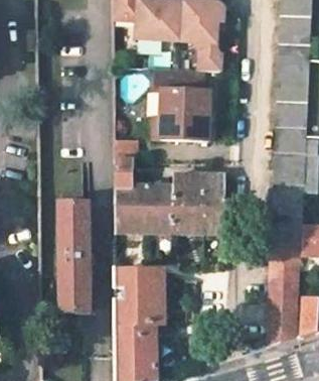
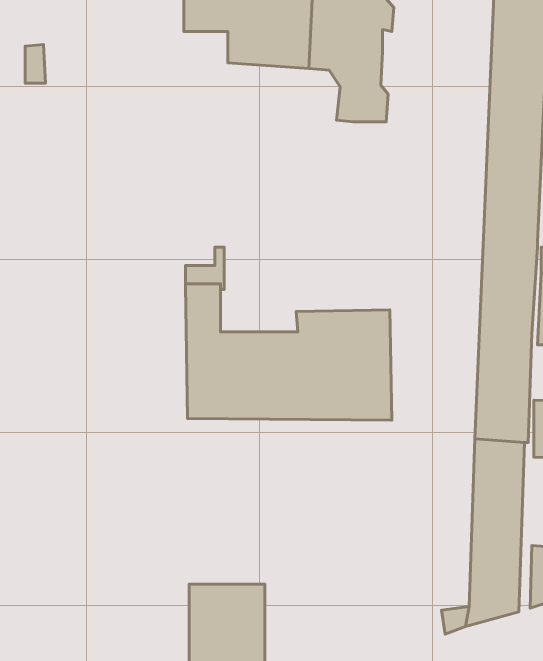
building: [155,69,212,141] -> none
building: [58,204,90,314] -> none
building: [114,270,164,324] -> none

